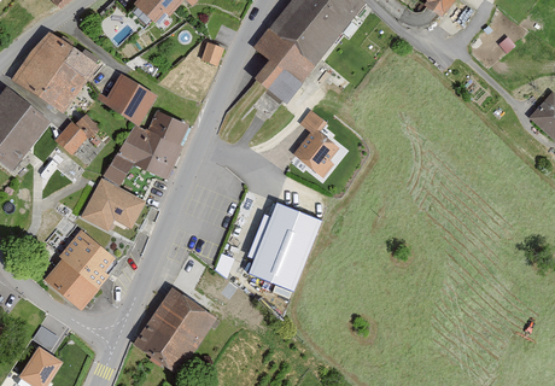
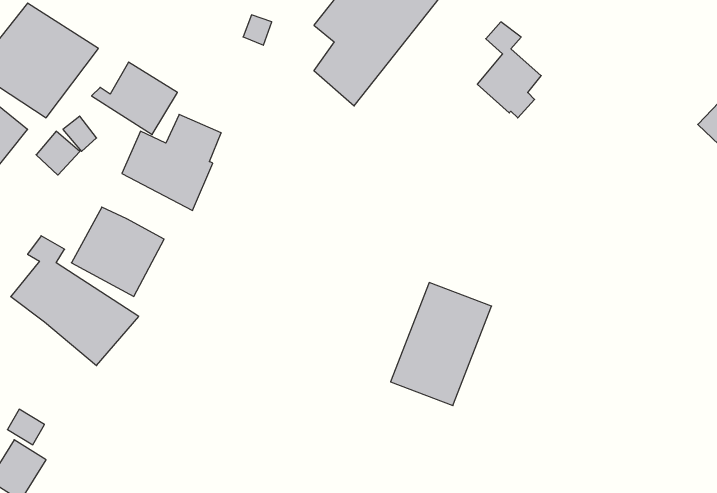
building: [293,110,339,179] -> [477,22,541,118]
building: [101,153,132,186] -> none
building: [247,203,320,291] -> [391,283,492,406]
building: [45,259,98,311] -> none
building: [130,287,216,375] -> none

